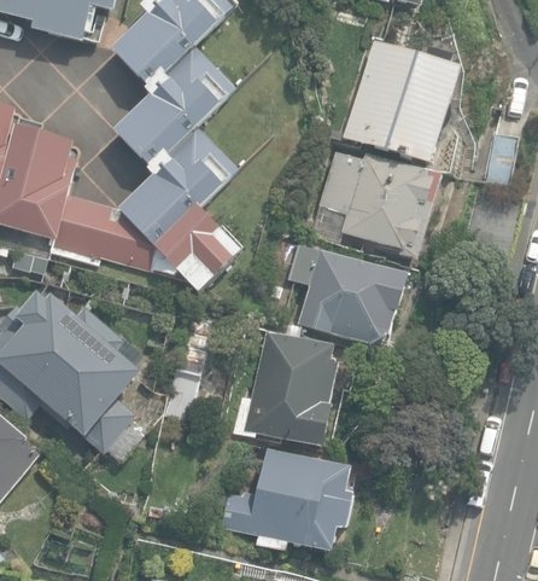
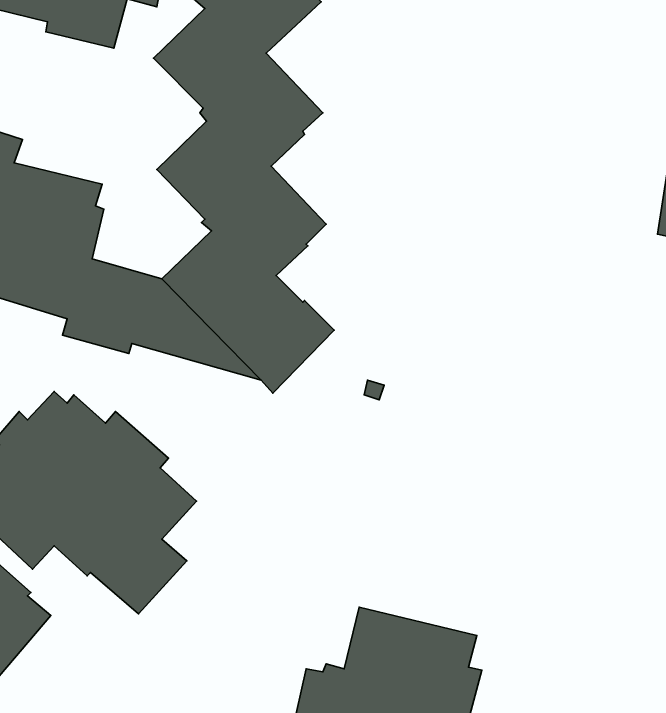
building: [343,37,468,165] -> none
building: [309,149,446,260] -> none
building: [286,243,414,343] -> none
building: [244,329,343,446] -> none

